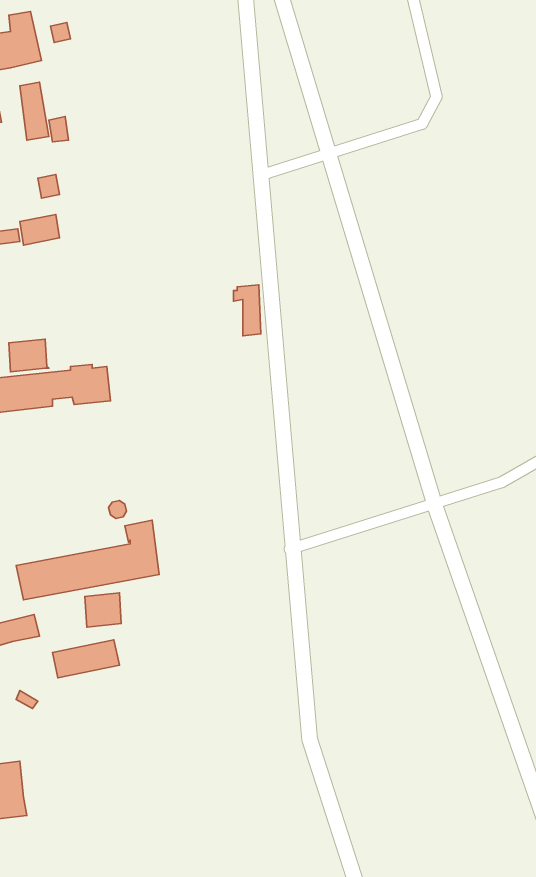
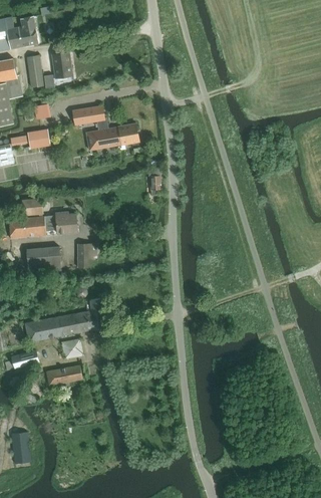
building: none -> [51,52,72,78]
building: none -> [72,106,139,151]
building: none -> [77,243,96,267]
building: none -> [26,246,60,273]

